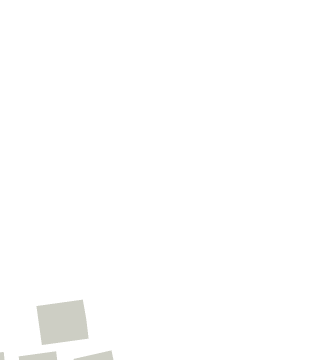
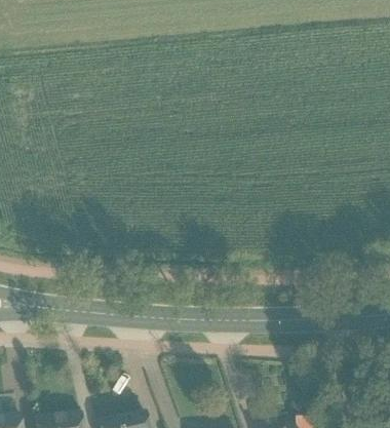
building: [35,299,89,346] -> none

